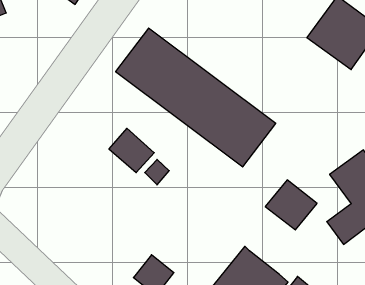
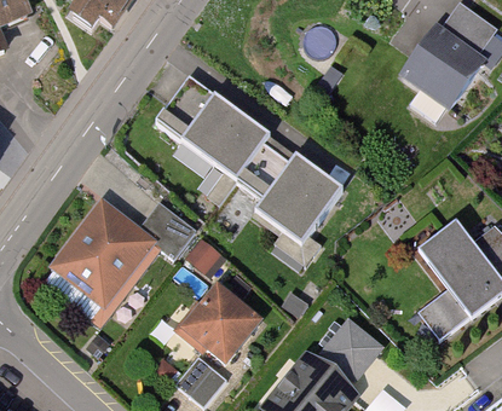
building: none -> [50,199,157,309]
building: [265,180,317,230] -> [321,317,387,381]
building: none -> [177,278,271,371]

